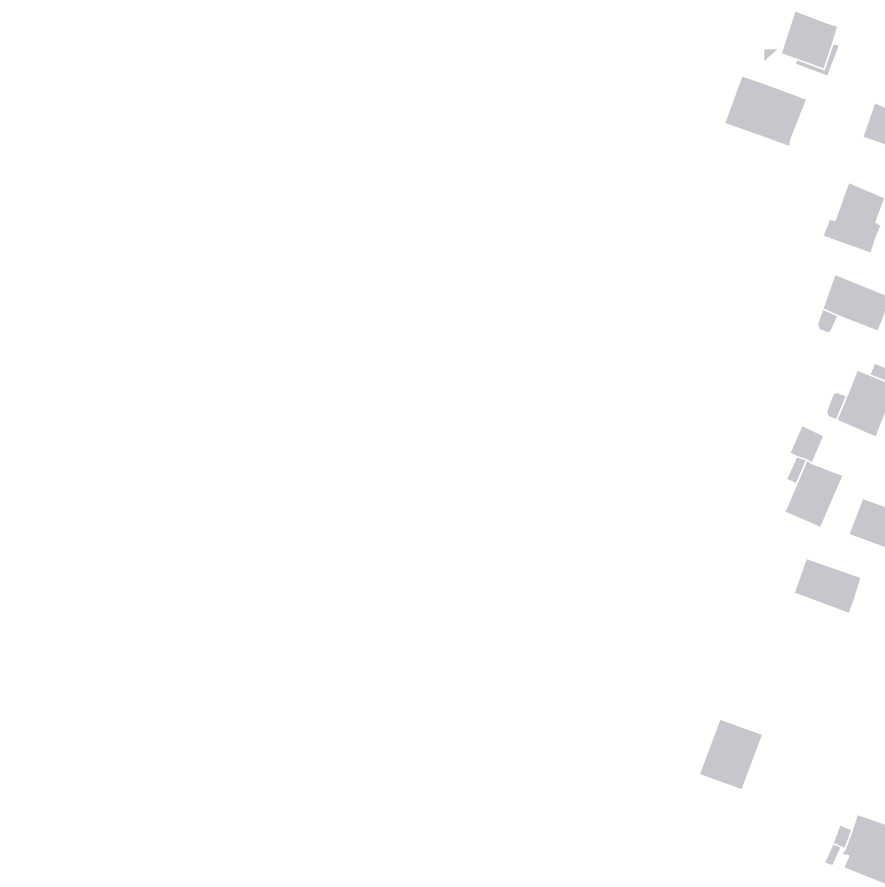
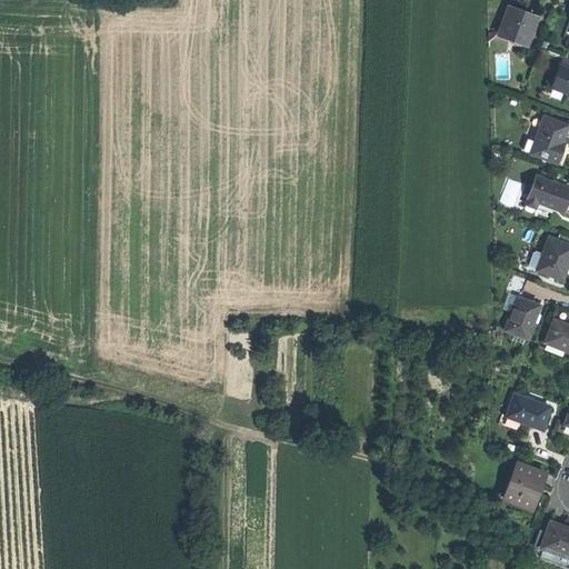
building: [724,76,807,147] -> none
building: [794,558,862,614] -> [507,393,550,429]
building: [699,719,763,790] -> [505,462,546,508]

